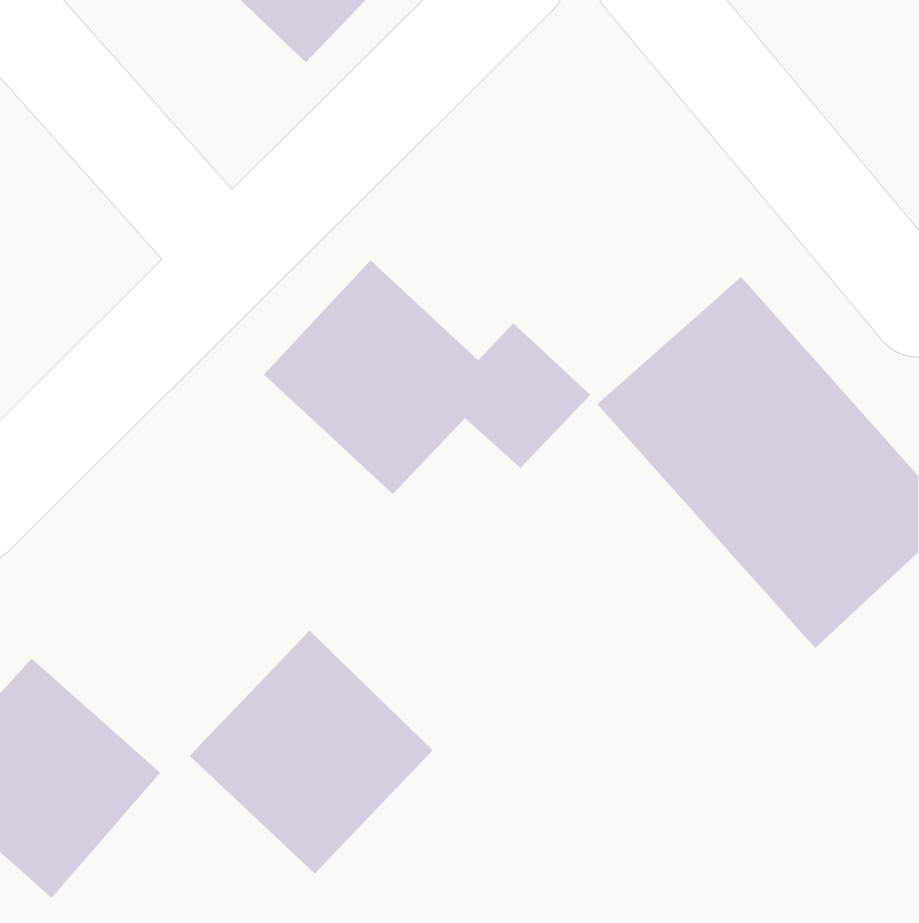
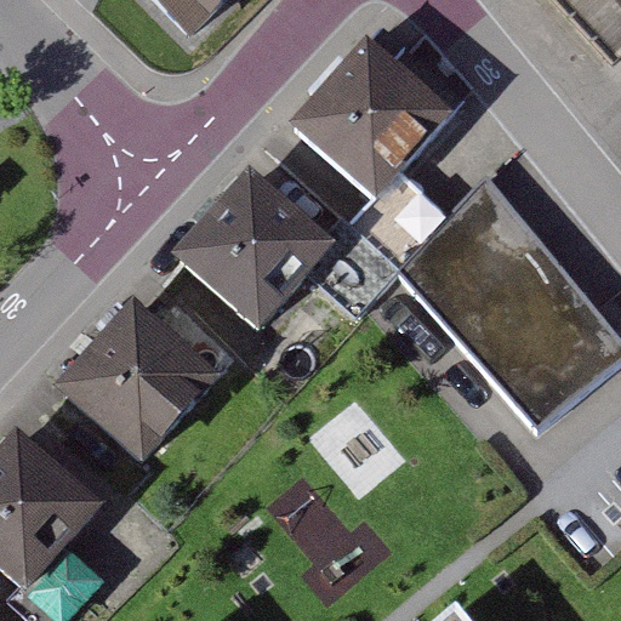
building: none -> [295,39,458,203]
building: [189,630,434,874] -> [58,297,218,457]

